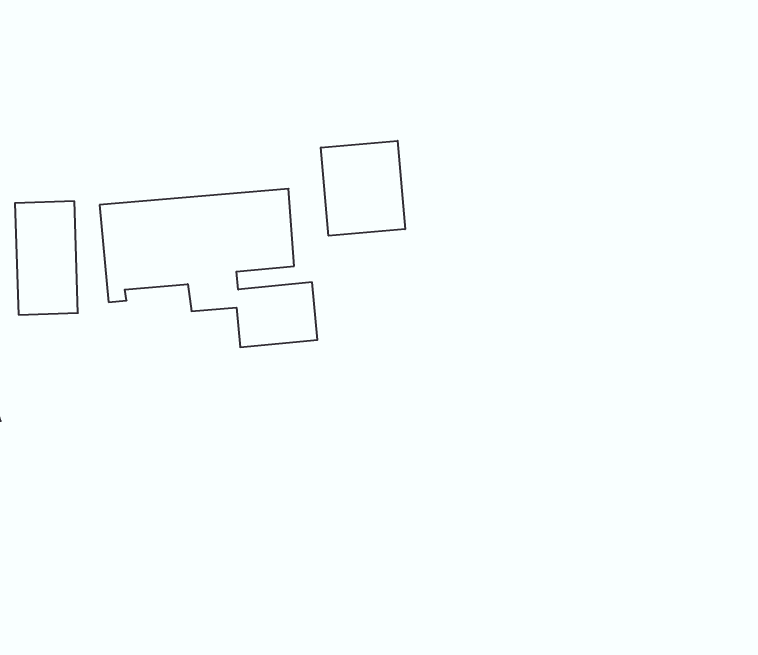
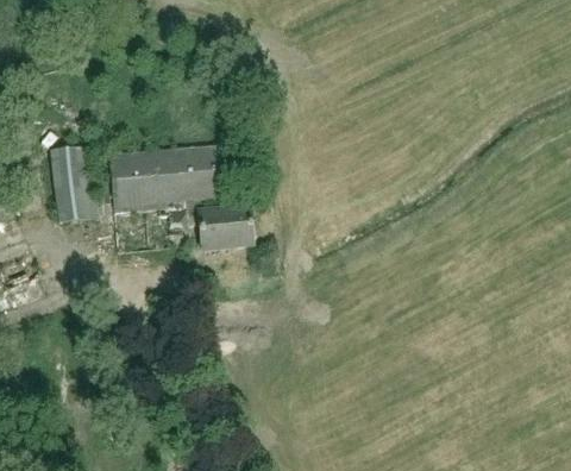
building: [321,141,405,236] -> none

